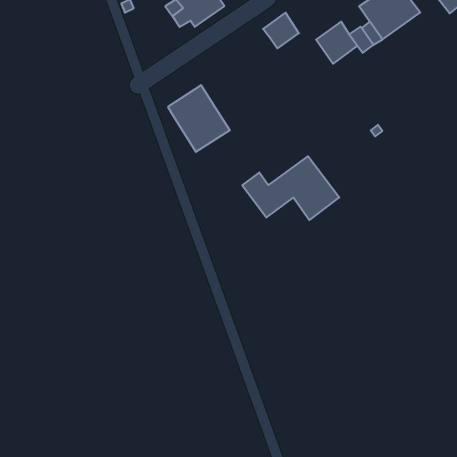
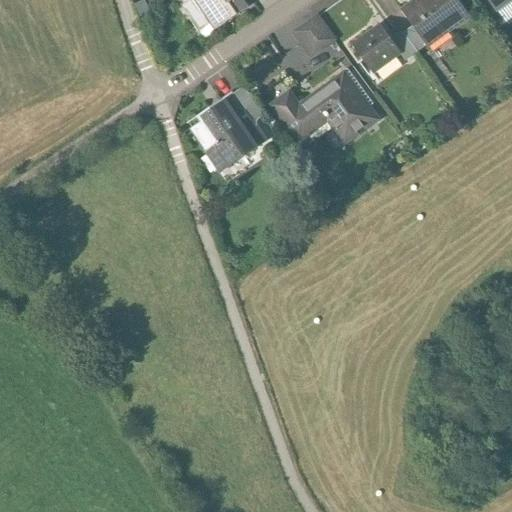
building: none -> [226,84,264,121]
building: [242,156,339,220] -> [272,71,380,142]

